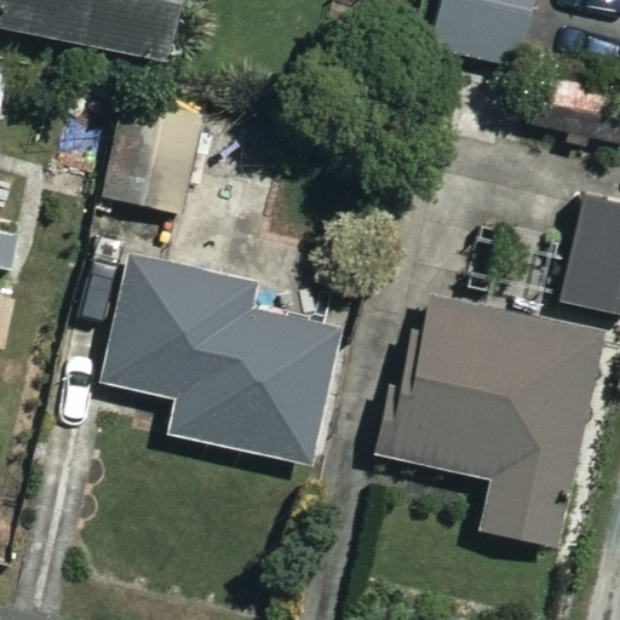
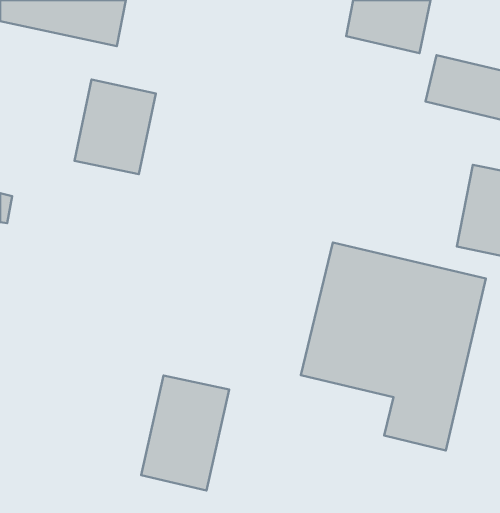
building: [108,254,334,464] -> none
building: none -> [141,375,229,490]

